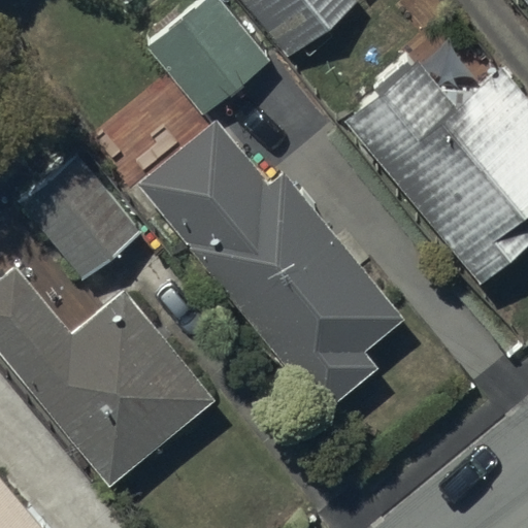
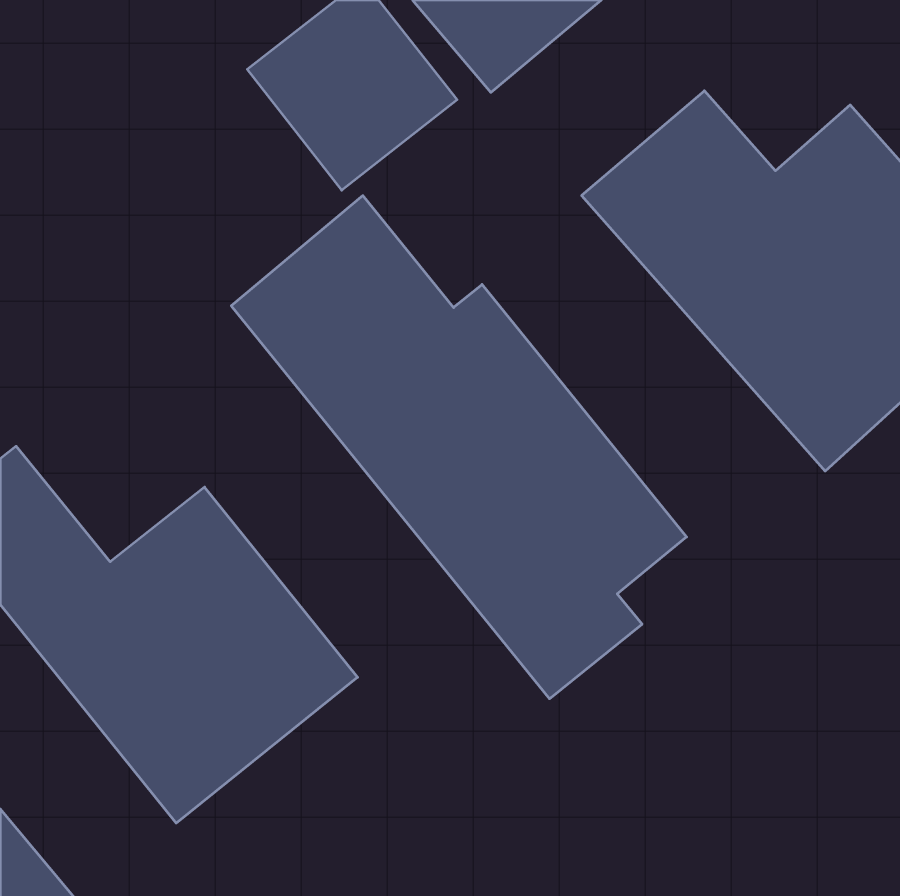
building: [19,151,142,278] -> none

